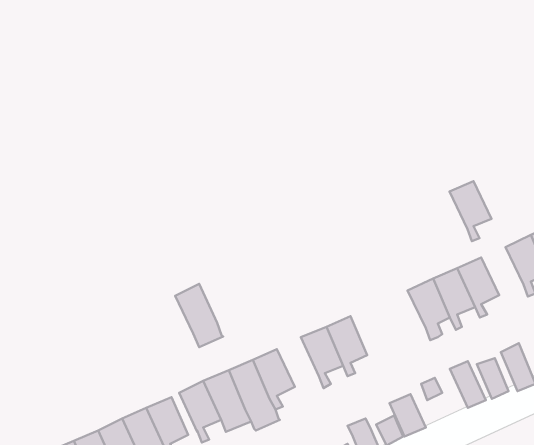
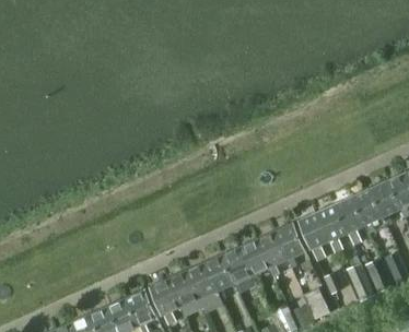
building: [449,181,492,241] -> [370,181,400,225]
building: [175,284,223,347] -> [221,247,256,293]
building: none -> [299,213,329,257]
building: none -> [274,223,305,268]

